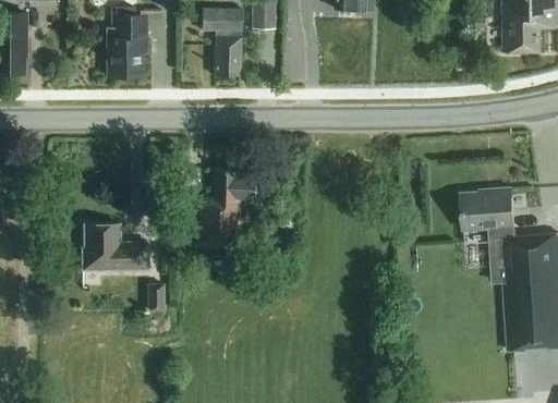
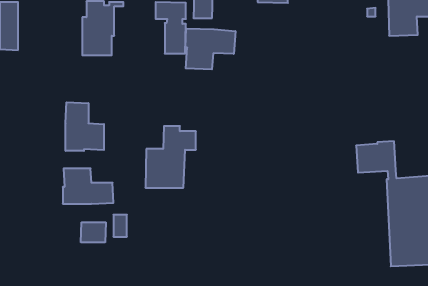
building: none -> [186,28,235,69]
building: none -> [66,102,104,151]
building: none -> [81,222,106,242]

